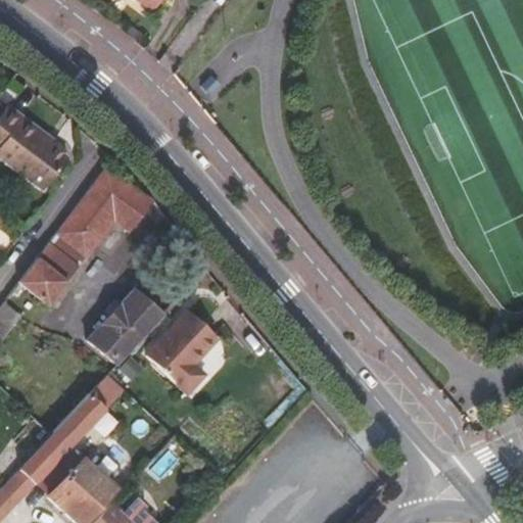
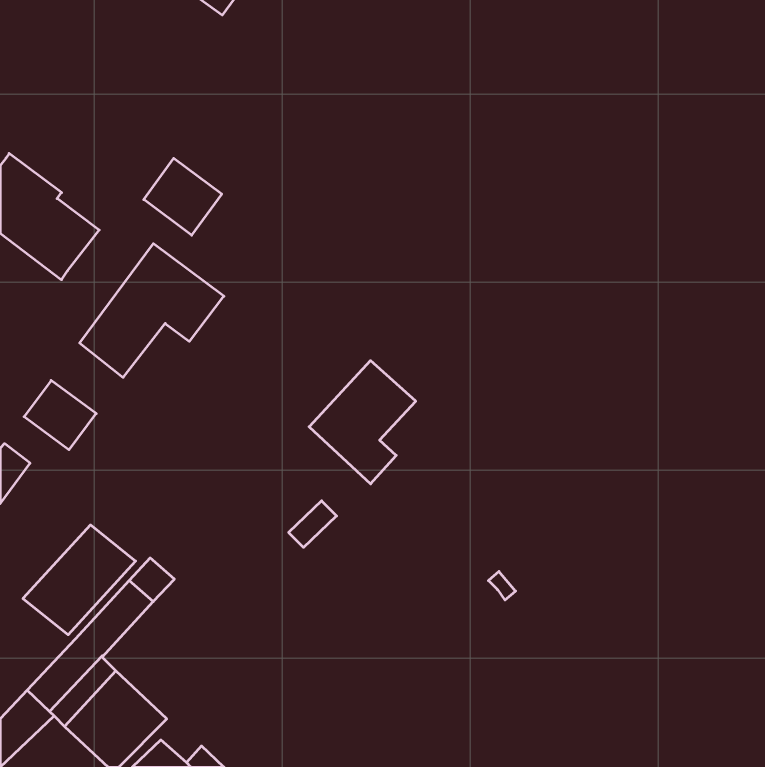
building: none -> [144,158,222,235]
building: [37,233,86,281] -> none
building: [88,289,164,364] -> [23,525,136,635]
building: [146,310,219,393] -> [309,361,416,484]

